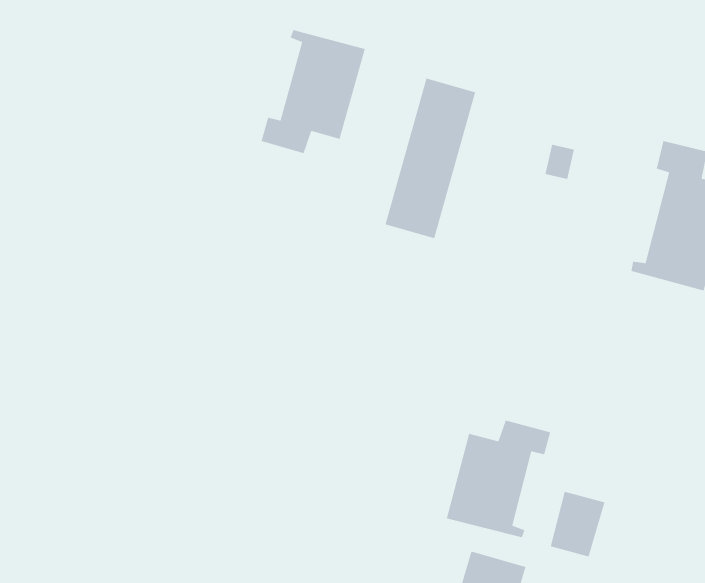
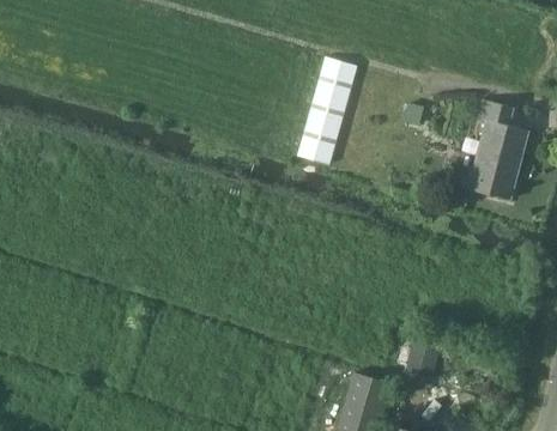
building: [260,29,366,154] -> none
building: [446,419,551,538] -> none

